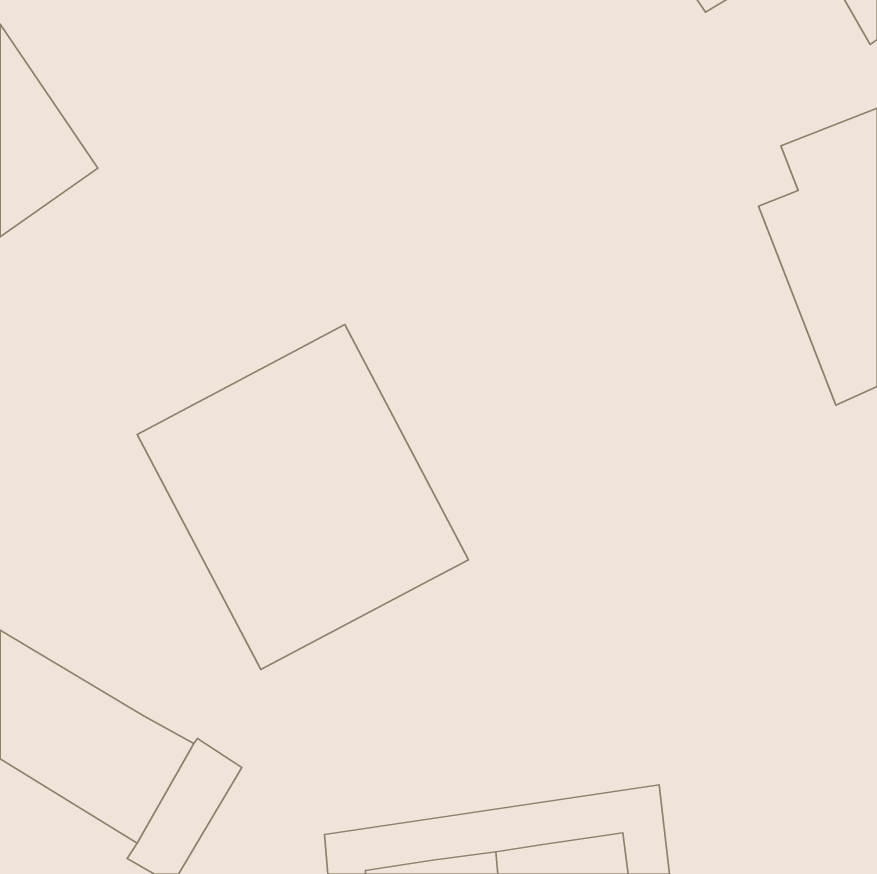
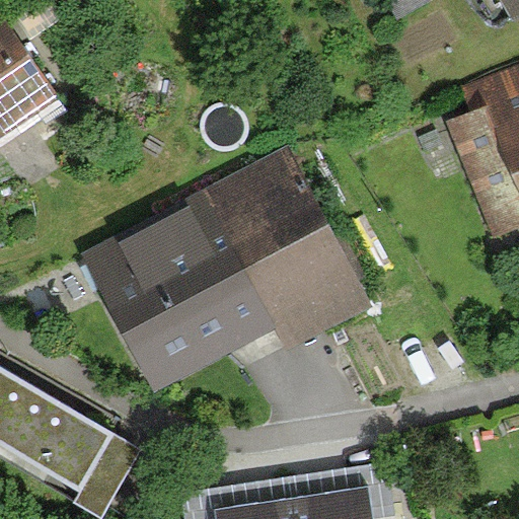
building: none -> [204,148,374,352]

